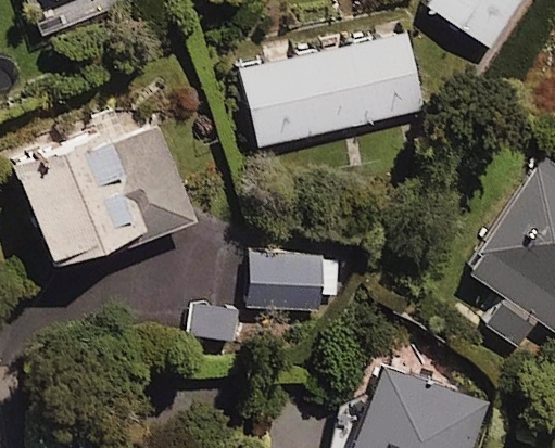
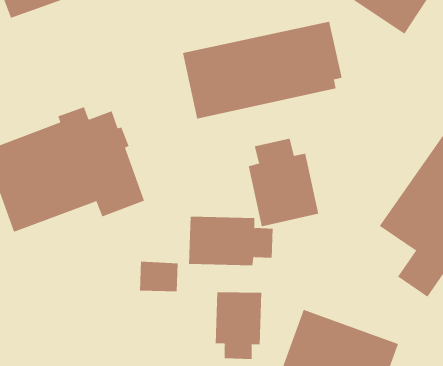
building: none -> [248,138,319,227]
building: none -> [215,291,262,360]

